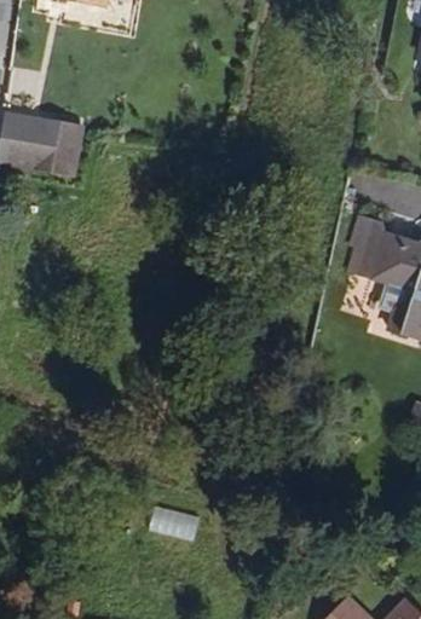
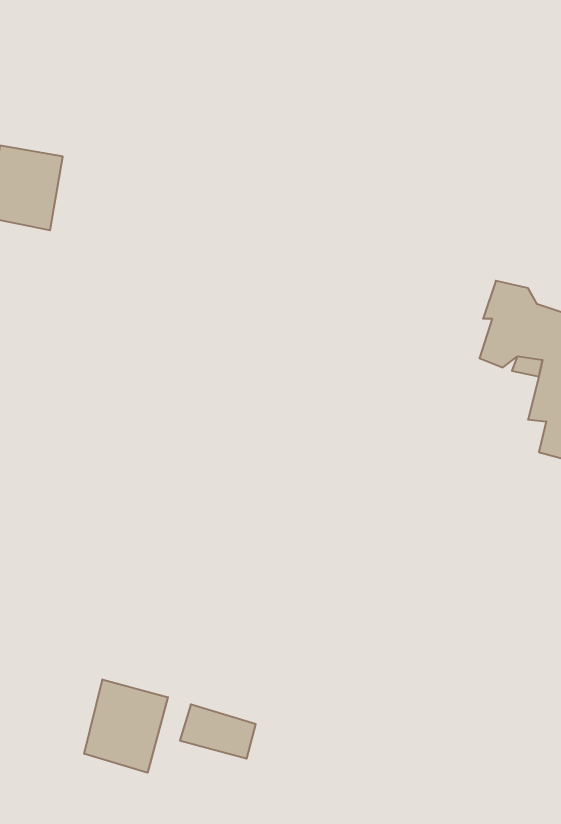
building: none -> [84,679,168,773]

